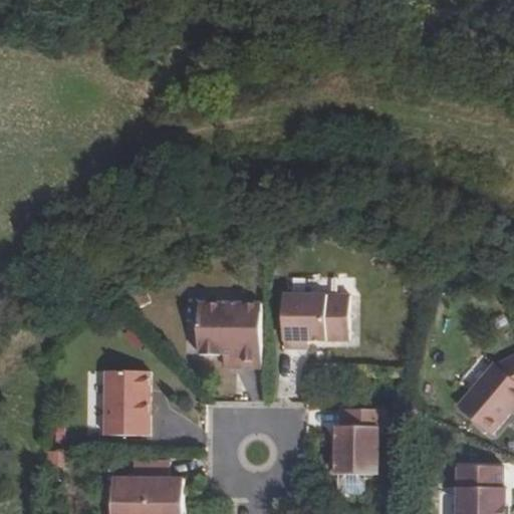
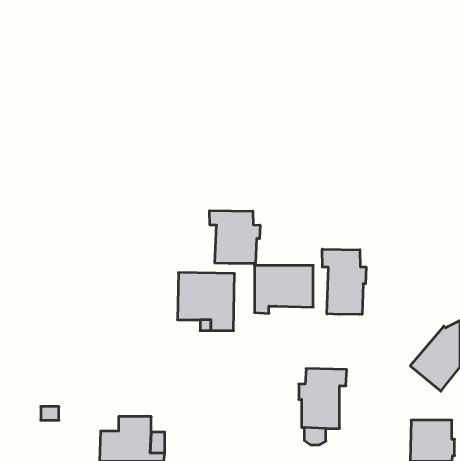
building: none -> [210,211,260,264]
building: none -> [322,249,366,314]
building: [103,370,148,436] -> none

